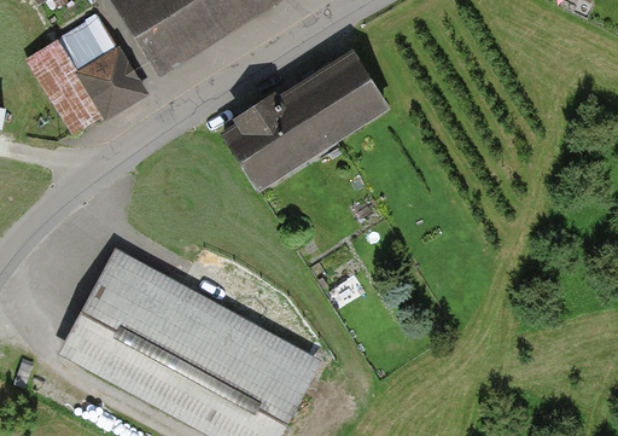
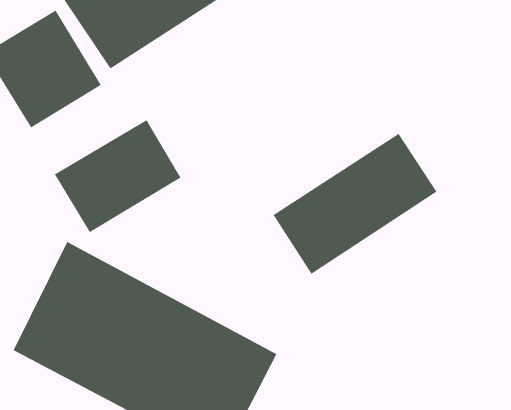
building: [221,48,386,191] -> [273,133,437,275]
building: none -> [54,119,181,233]

